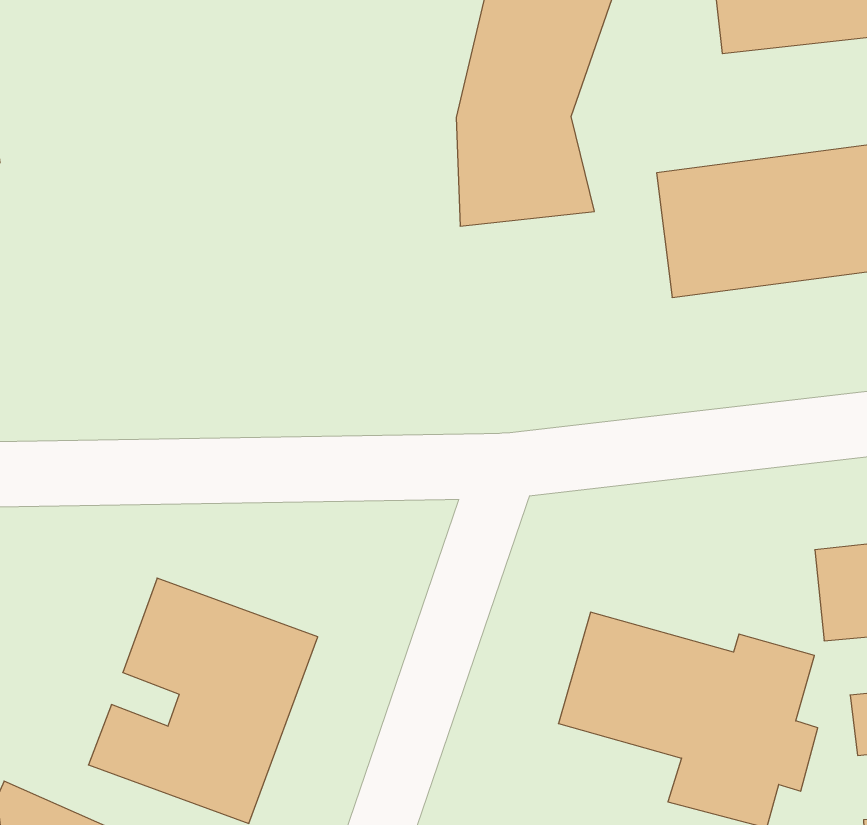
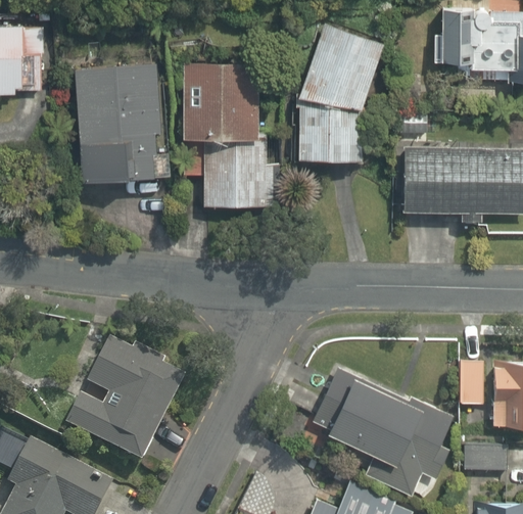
building: none -> [182,64,282,207]
building: none -> [78,66,162,181]

